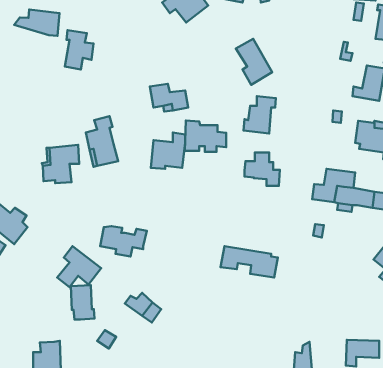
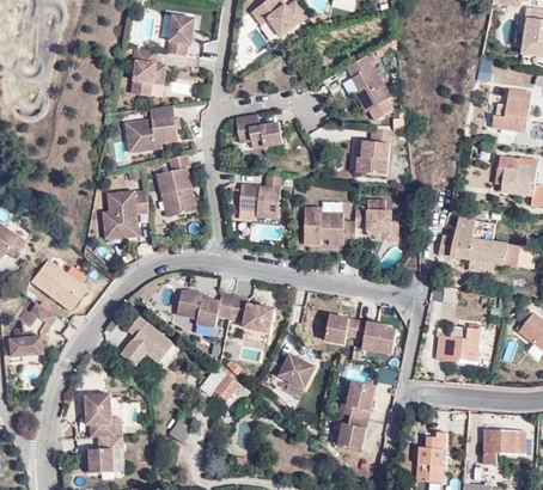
building: none -> [167,13,195,54]
building: [14,9,60,36] -> none
building: none -> [124,104,178,151]
building: [185,120,226,152] -> [304,206,355,245]
building: none -> [228,296,273,333]
building: none -> [435,329,478,365]
building: none -> [267,355,315,391]
building: [71,285,95,320] -> [87,393,117,436]
building: none -> [336,381,376,451]

